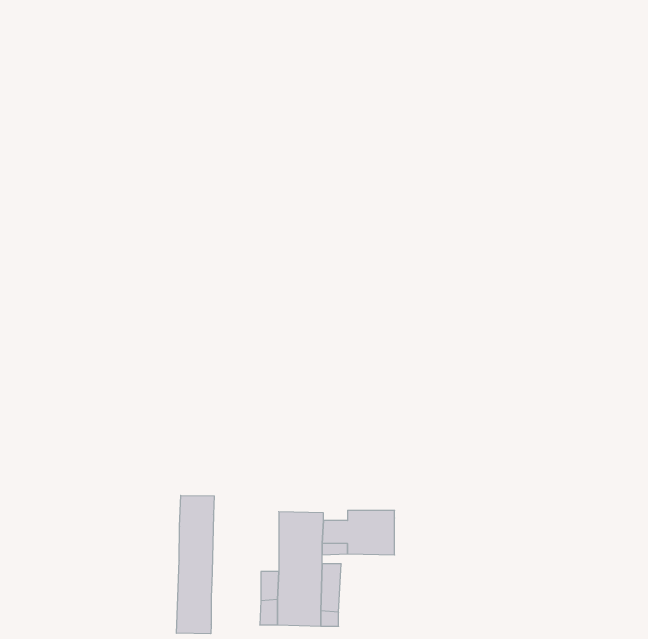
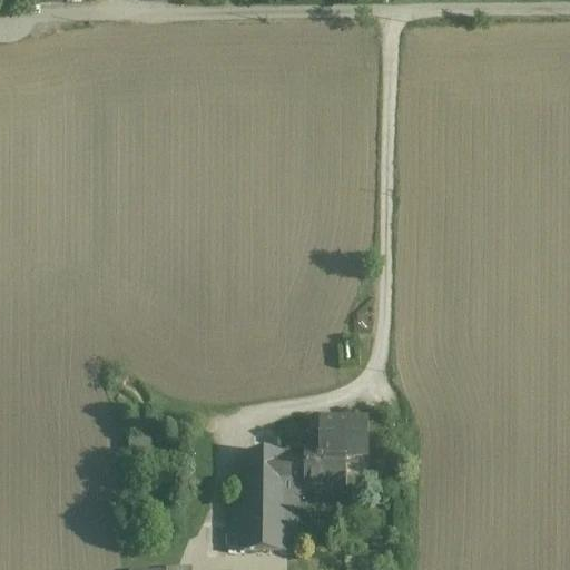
building: none -> [323,412,370,453]
building: [176,495,214,634] -> none

